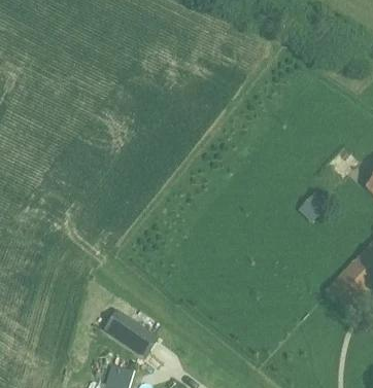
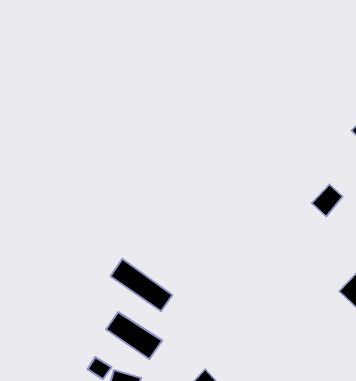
building: none -> [111,259,172,311]

